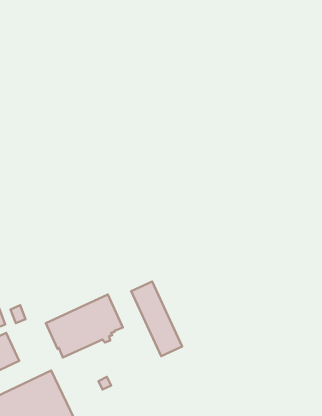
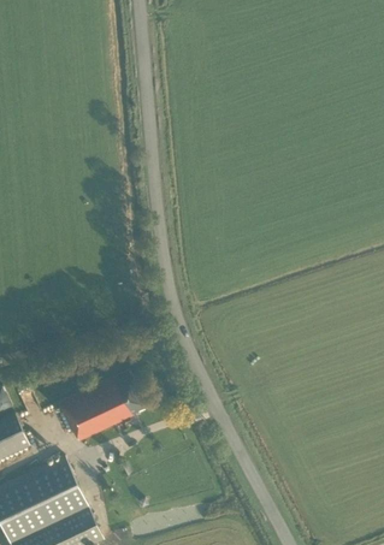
building: [131,281,182,356] -> none

